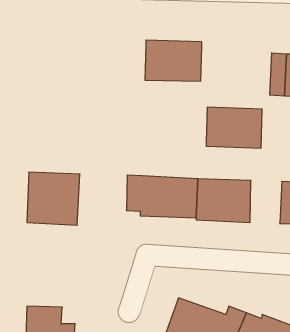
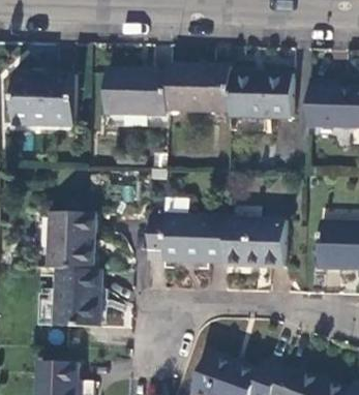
building: none -> [104,69,168,116]
building: none -> [11,73,76,125]
building: [206,107,262,148] -> [229,72,291,118]
building: none -> [53,269,103,328]

